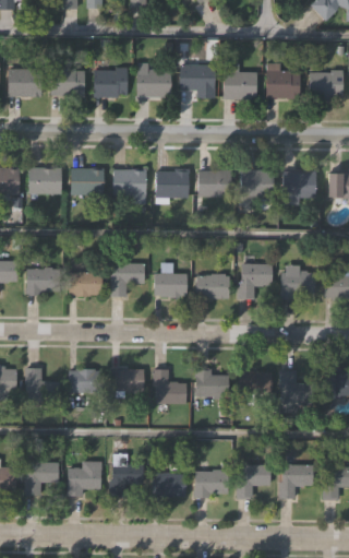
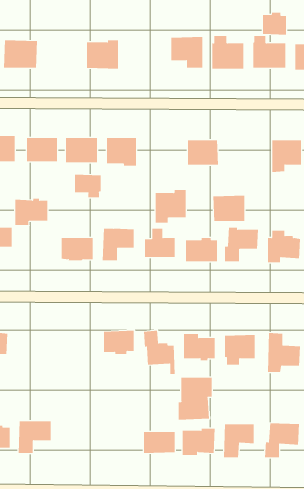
building: none -> [263,12,287,36]
building: [50,67,84,94] -> none
building: [136,69,170,96] -> none
building: [155,167,188,202] -> [155,189,186,223]
building: [240,169,274,197] -> [212,195,245,222]
building: none -> [75,174,101,198]
building: [26,266,61,295] -> [14,198,48,225]
building: [26,367,58,402] -> none
building: [67,368,101,392] -> none
building: none -> [178,377,212,421]
building: [106,453,141,497] -> none
building: [63,461,98,497] -> none

